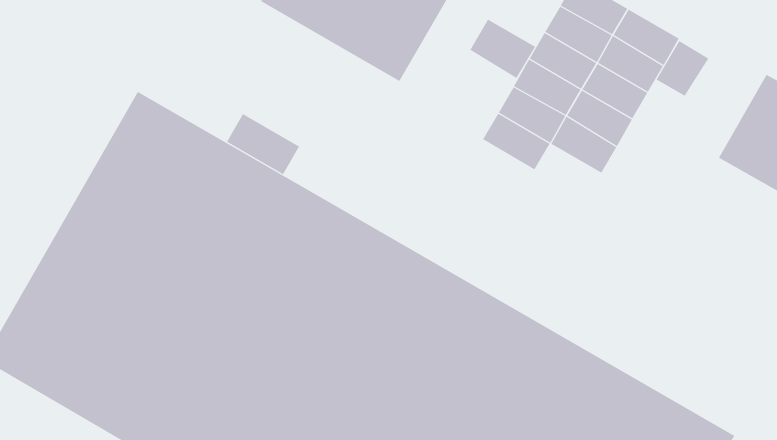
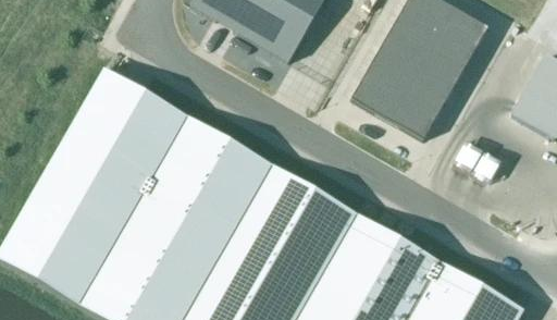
building: [470,19,536,79] -> none
building: [656,40,709,97] -> none
building: [226,113,300,175] -> none
building: none -> [384,103,431,143]

